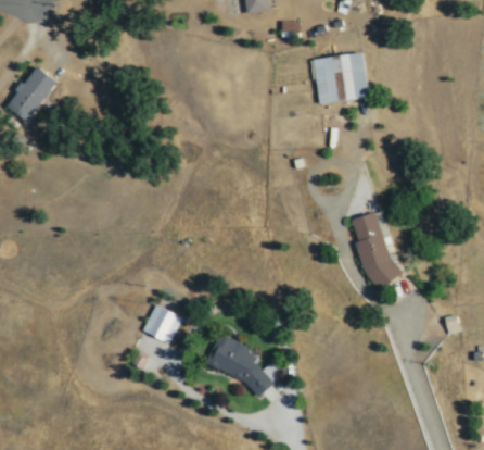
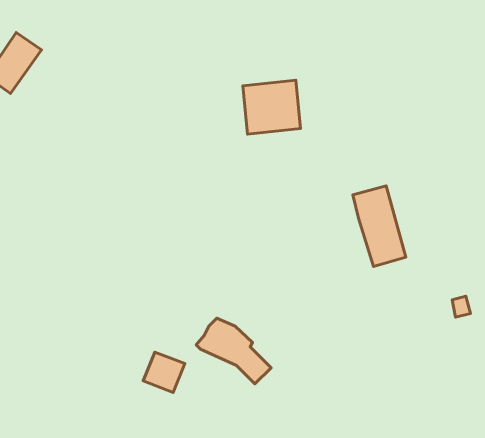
building: [314,51,368,102] -> [243,80,301,134]
building: [143,304,182,342] -> [143,352,185,392]

